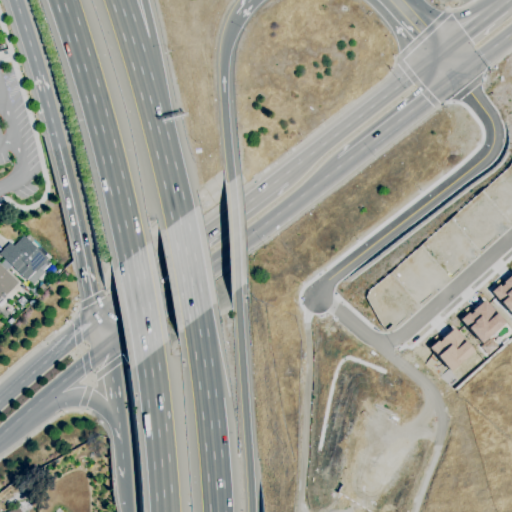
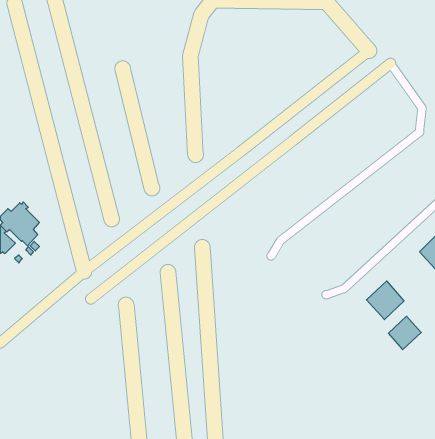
building: [462,300,506,344] -> none
building: none -> [389,316,421,350]

